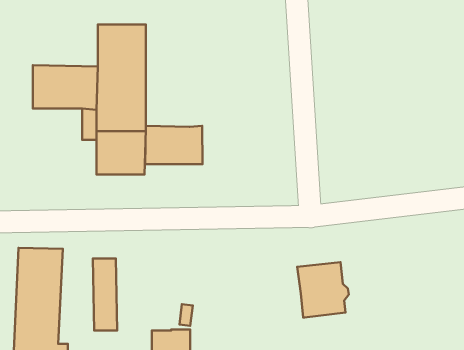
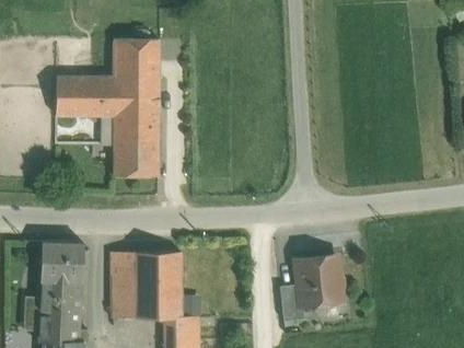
building: [145,126,203,164] -> none
building: none -> [131,253,182,318]
building: none -> [280,285,304,322]

